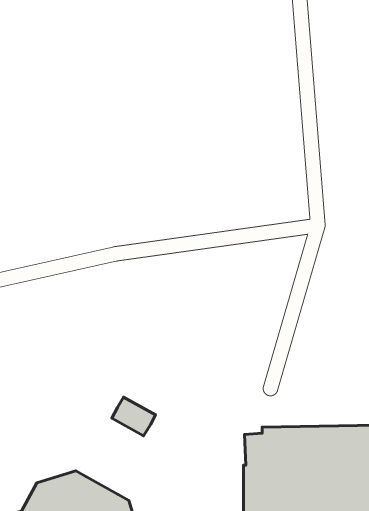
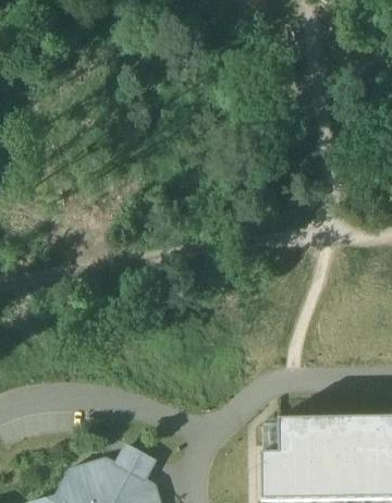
building: [112,397,155,436] -> [117,445,157,481]

